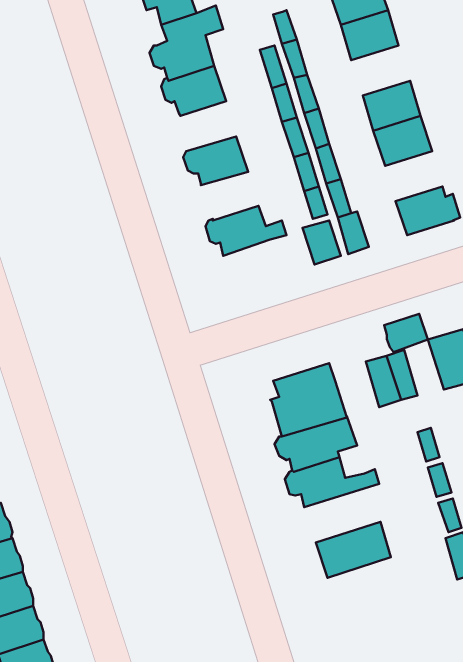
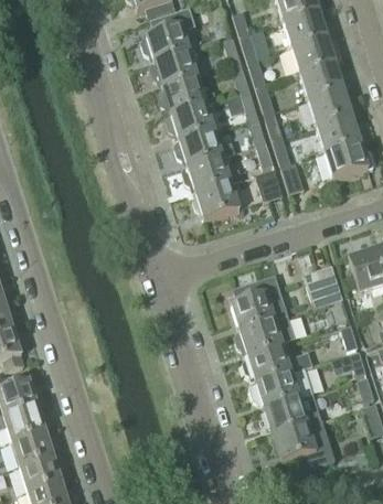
building: none -> [290,34,334,72]
building: none -> [156,76,216,112]
building: none -> [316,114,359,151]
building: none -> [172,129,234,165]
building: none -> [192,180,237,218]
building: [384,314,428,352] -> none
building: none -> [251,365,312,407]
building: none -> [273,417,334,467]

